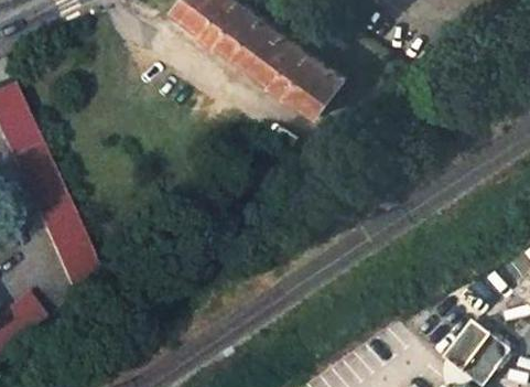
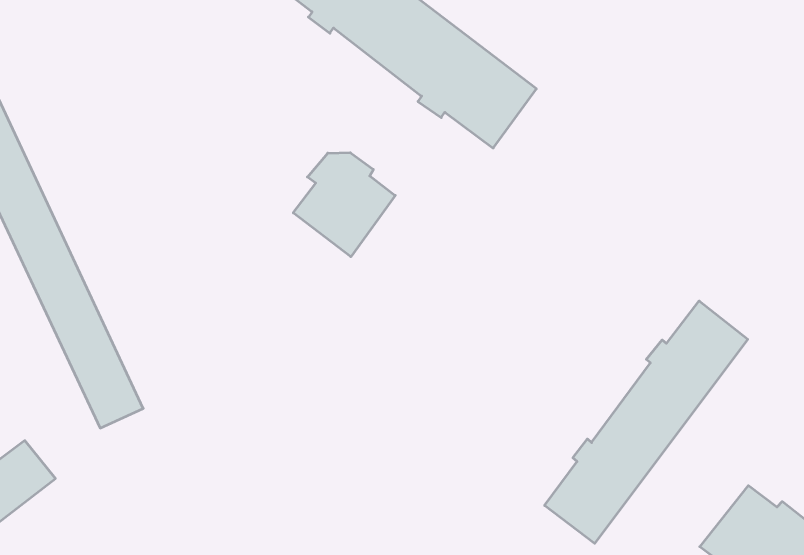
building: none -> [293,153,395,257]
building: none -> [545,301,748,543]

